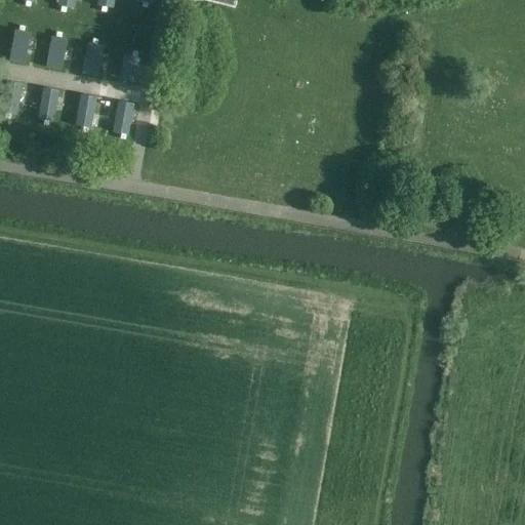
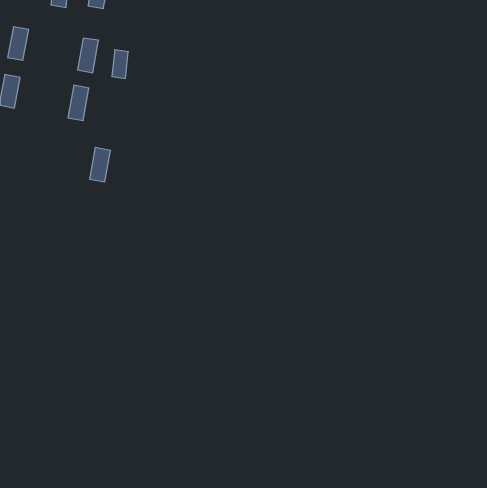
building: [47,34,70,71] -> none
building: [37,85,60,122] -> none
building: [112,99,134,136] -> [90,147,111,182]

